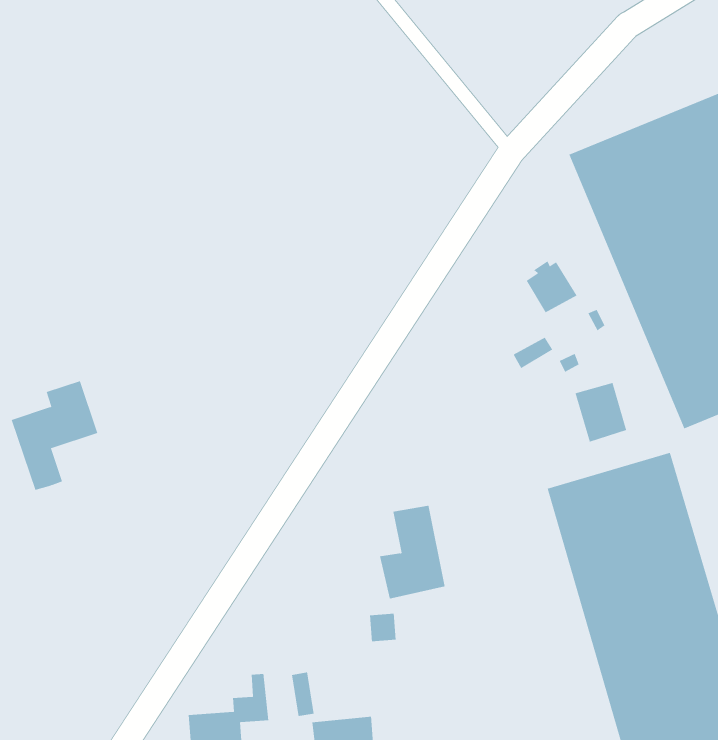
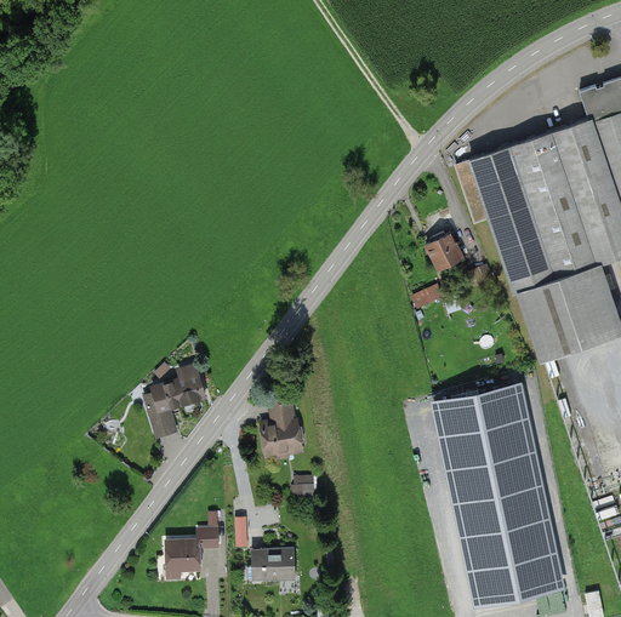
building: [11,381,98,490] -> [144,362,206,439]
building: [575,382,627,442] -> none
building: [379,505,445,599] -> [256,396,302,462]

